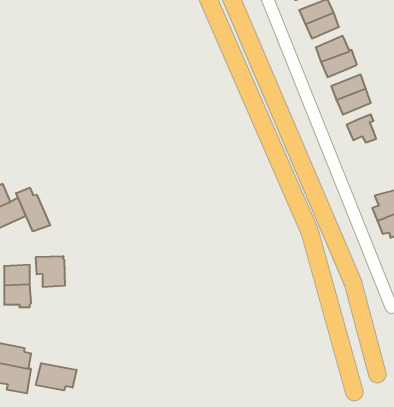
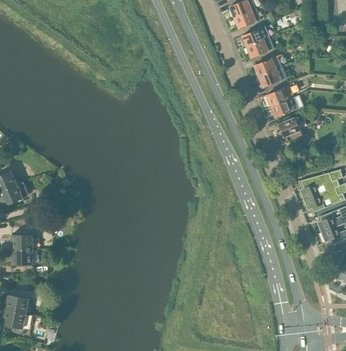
building: [16,188,50,231] -> none
building: [36,256,65,287] -> none
building: [36,363,77,390] -> none

